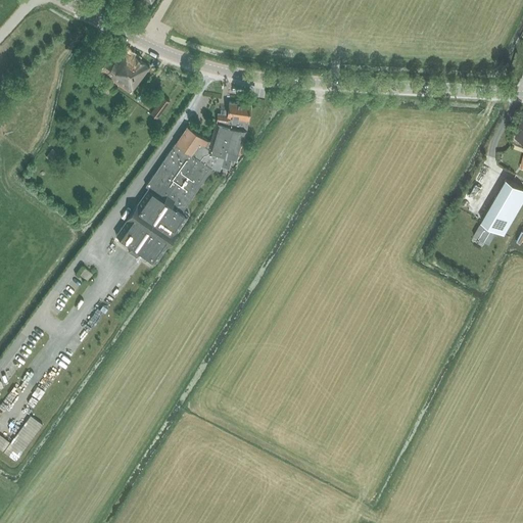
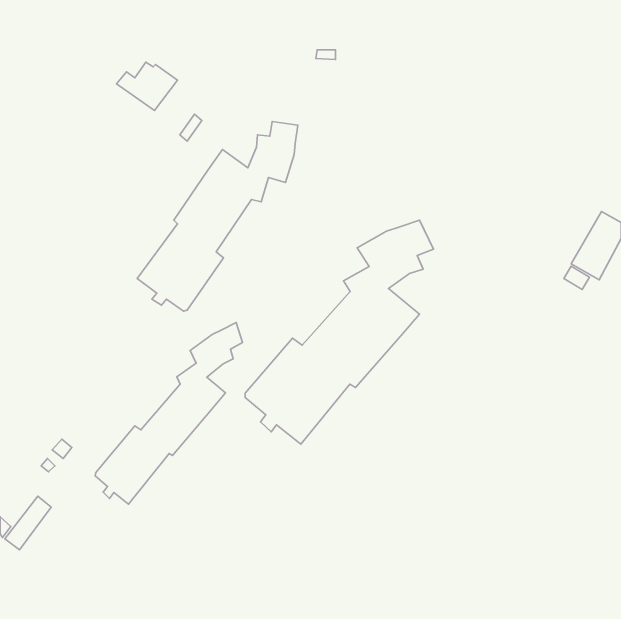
building: none -> [245,220,433,444]
building: none -> [95,322,242,504]

